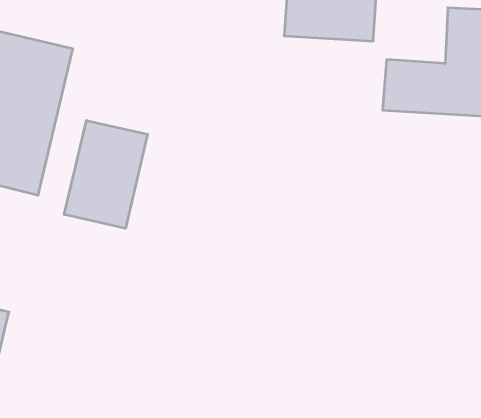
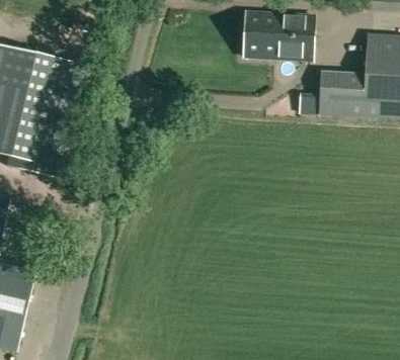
building: [64,120,148,228] -> none

